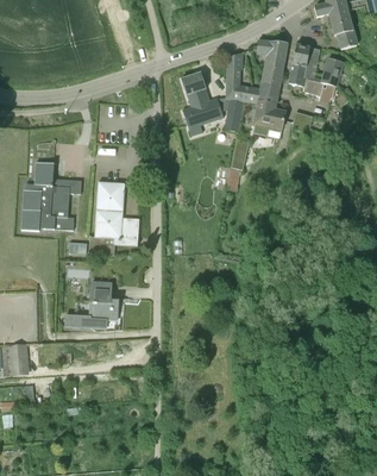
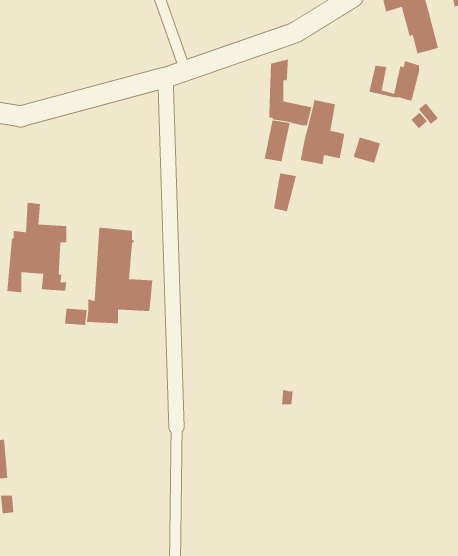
building: [256,39,287,86] -> none
building: [288,43,335,101] -> none
building: [181,70,222,125] -> none
building: [65,281,118,326] -> none

